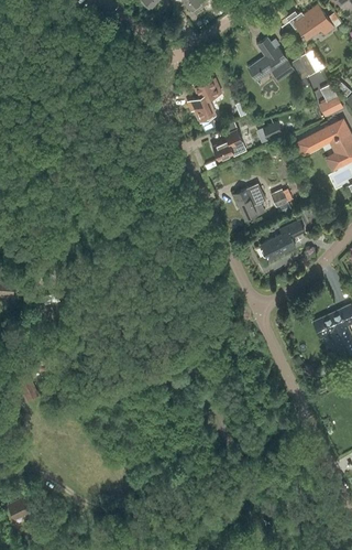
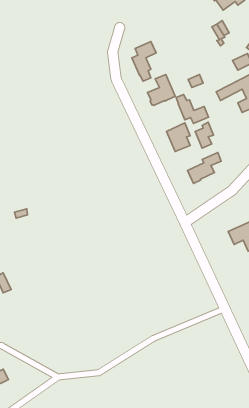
building: [248,37,294,82] -> none
building: none -> [176,94,209,123]

